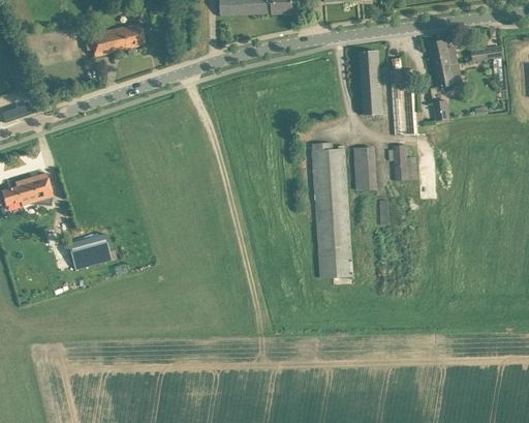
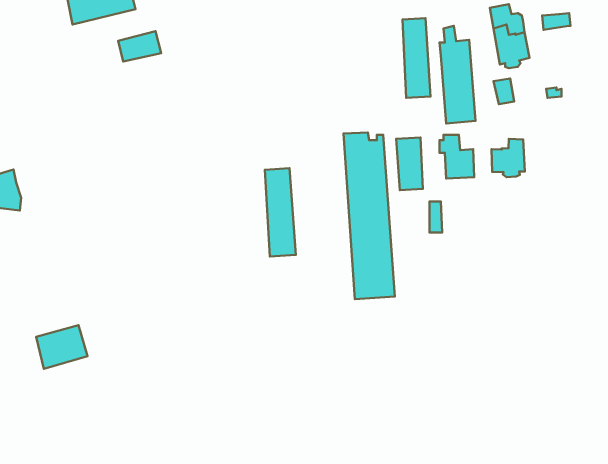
building: none -> [118,31,161,61]
building: none -> [492,139,525,177]
building: none -> [265,168,296,257]
building: [68,234,110,269] -> [36,325,87,369]

